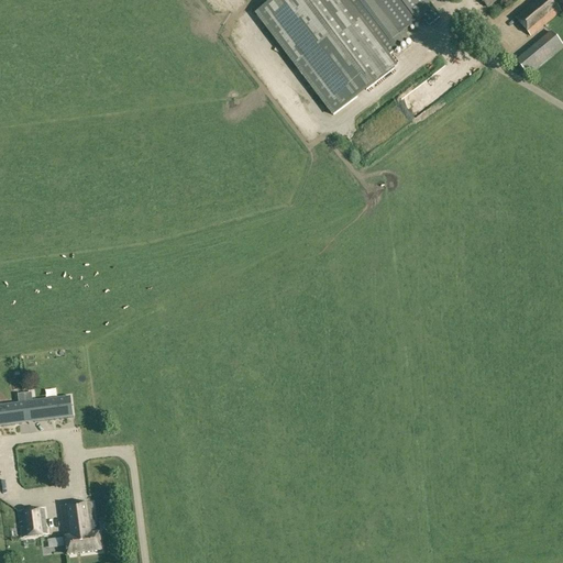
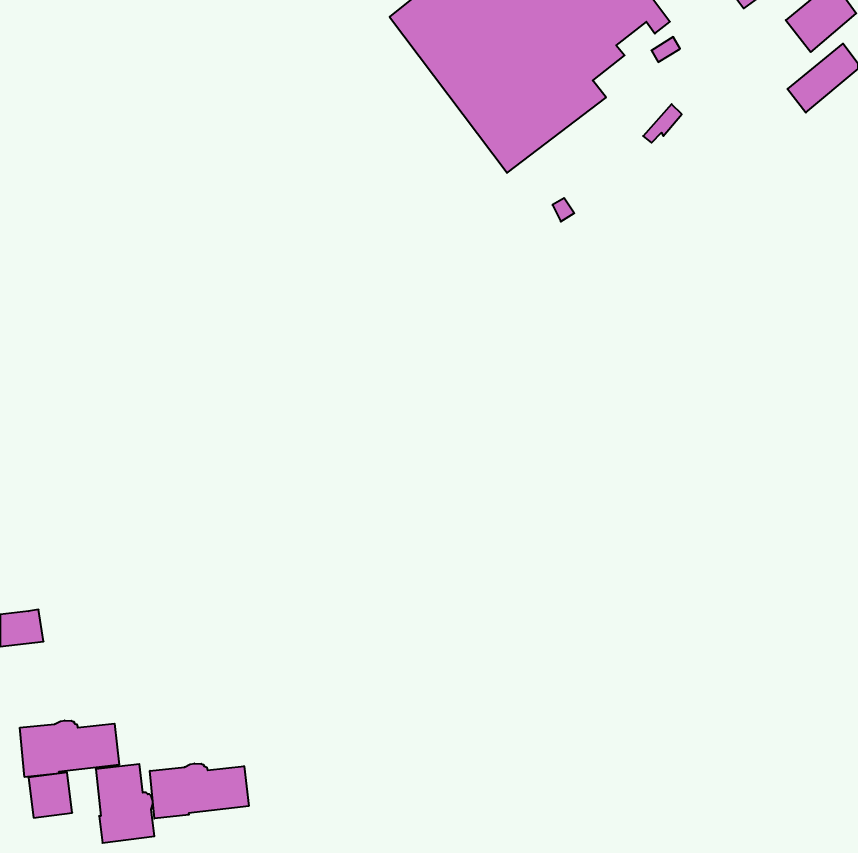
building: [25,395,68,420] -> none
building: none -> [20,720,119,777]
building: none -> [150,763,249,819]

